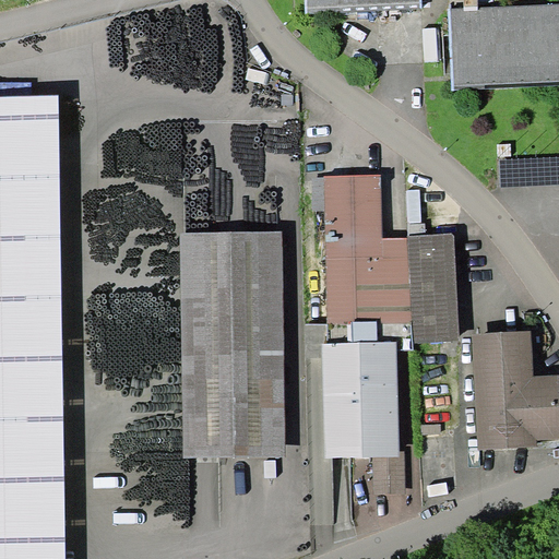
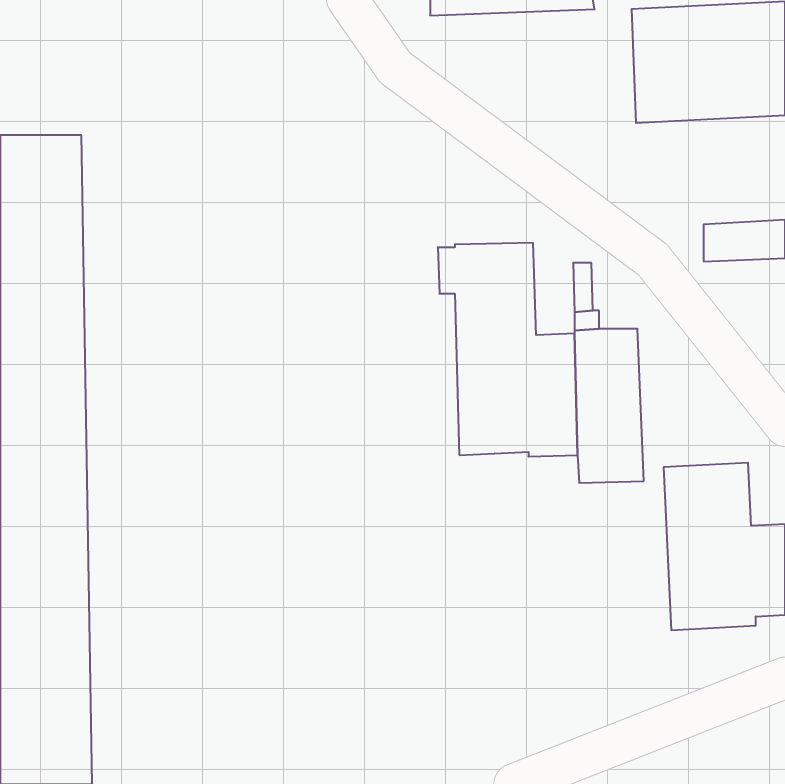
building: [179,230,286,457] -> none
building: [321,321,400,457] -> none

